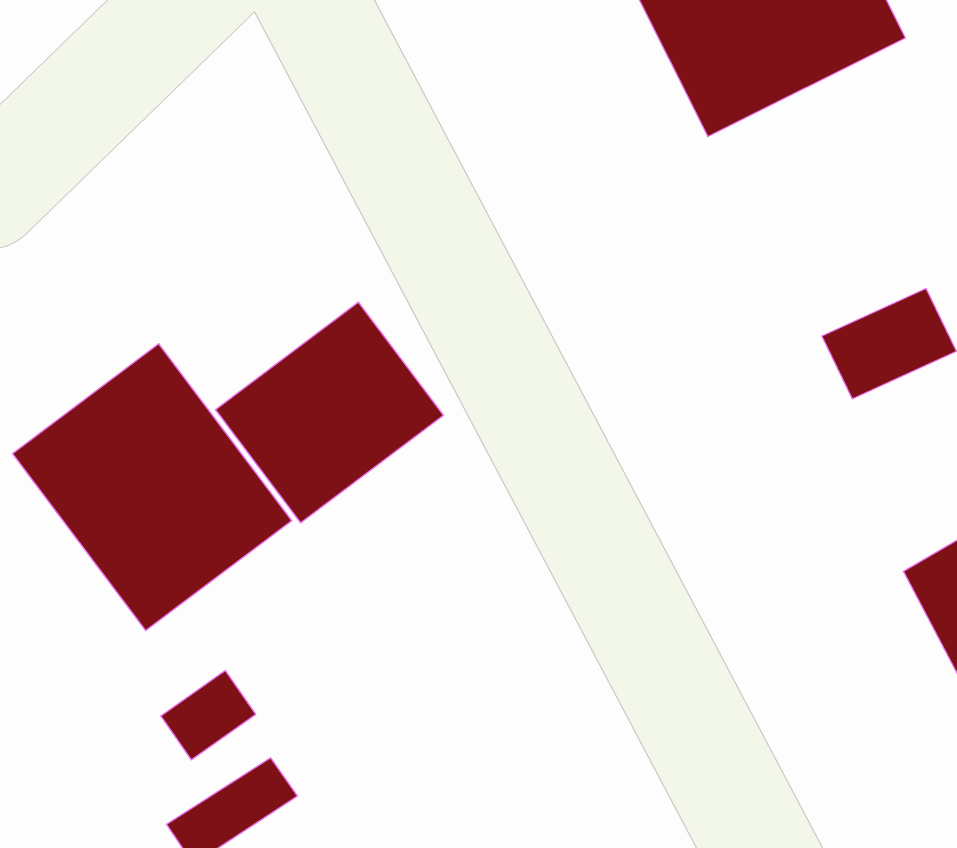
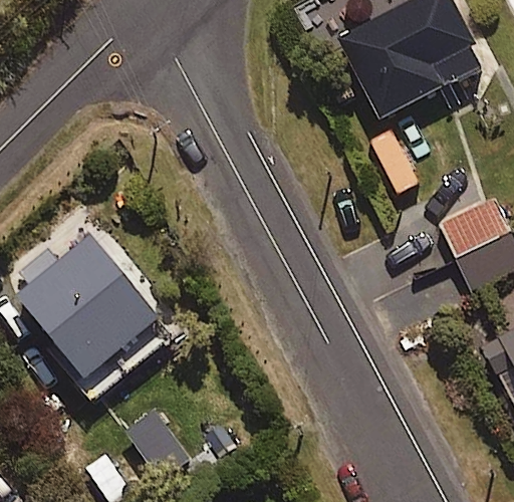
building: [216,302,443,523] -> none

